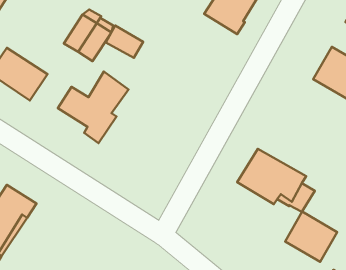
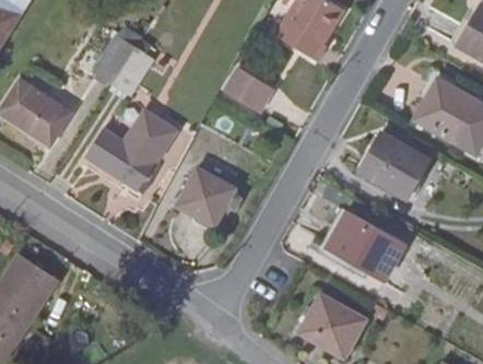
building: [106,26,143,58] -> [221,74,269,116]
building: none -> [358,131,429,199]
building: none -> [175,166,241,226]
building: [285,212,337,262] -> [298,293,365,357]

